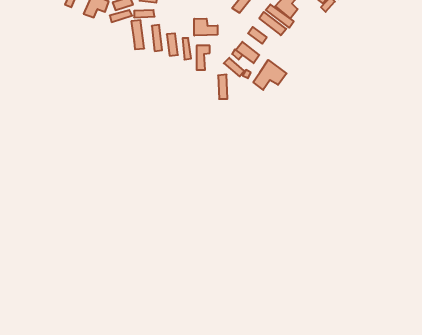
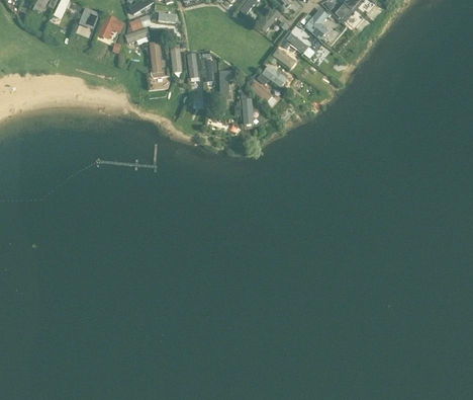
building: [194,19,218,36] -> none
building: [253,60,287,90] -> none

